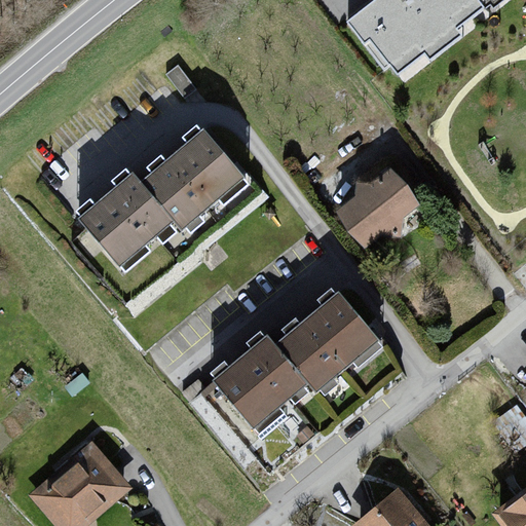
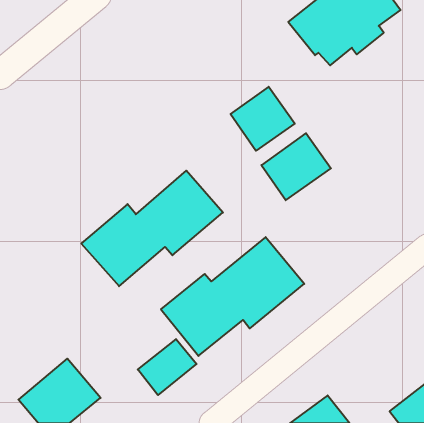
building: none -> [231,87,295,151]
building: [85,123,259,265] -> [81,171,223,286]
building: none -> [138,339,197,395]

